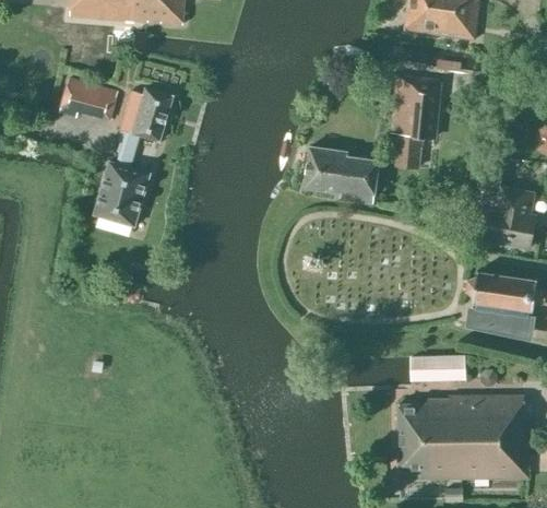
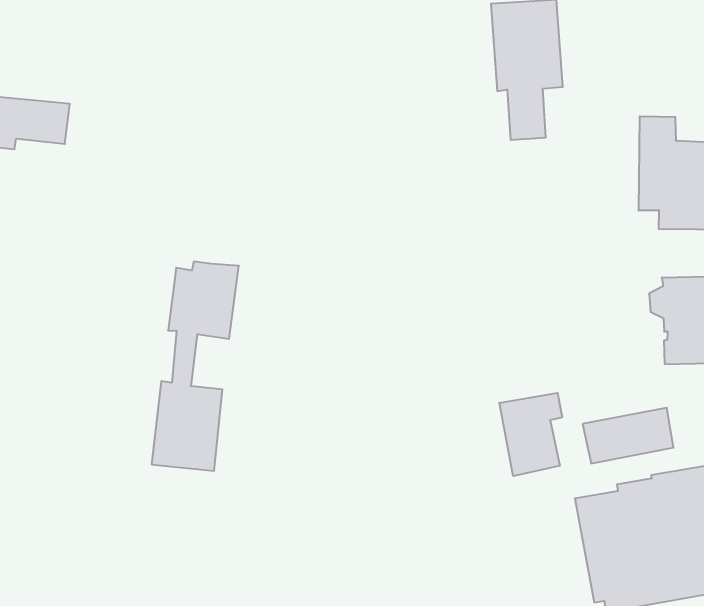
building: [96,87,174,224] -> [152,262,239,471]
building: [304,146,379,203] -> none
building: none -> [499,393,562,476]

